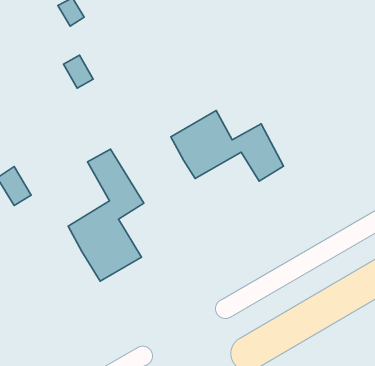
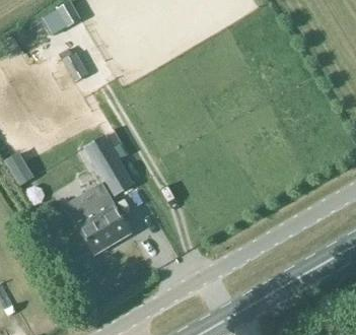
building: [171,110,284,181] -> none

